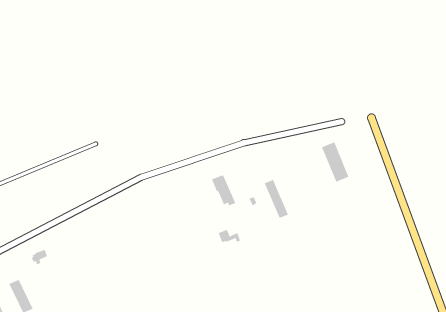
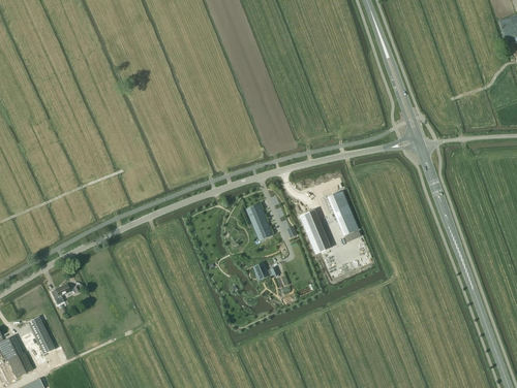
building: [321,141,349,183] -> [327,192,357,236]

